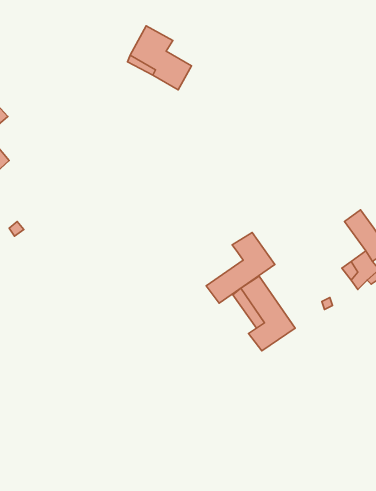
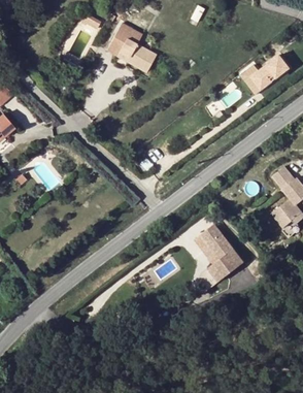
building: none -> [251,55,291,90]
building: [206,232,275,303] -> none

